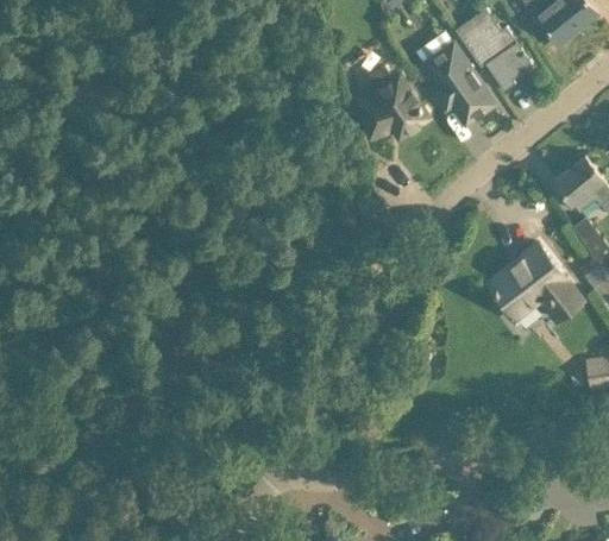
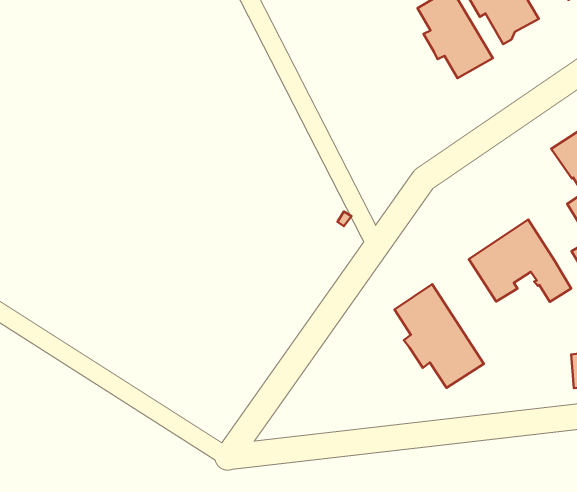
building: [357,68,428,139] -> none
building: none -> [394,284,484,388]

